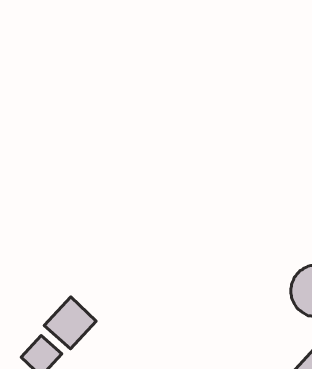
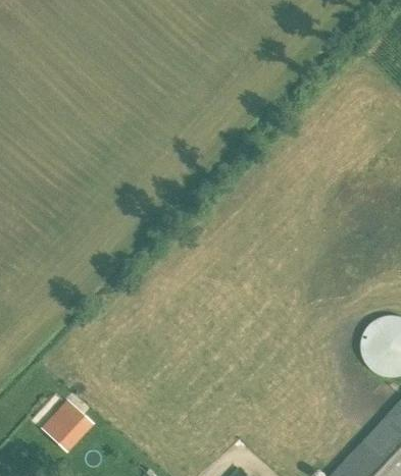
building: [44,297,96,349] -> none

